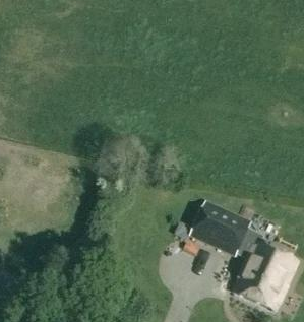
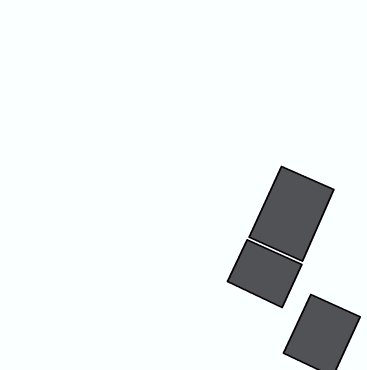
building: none -> [249,166,334,261]

